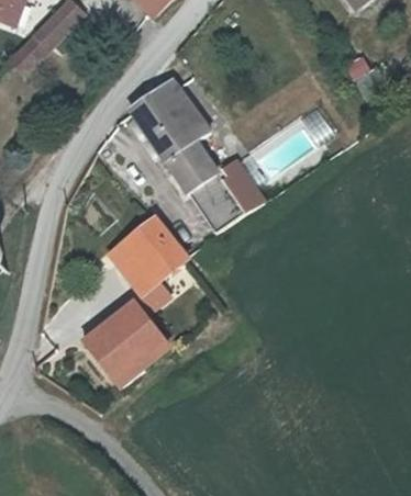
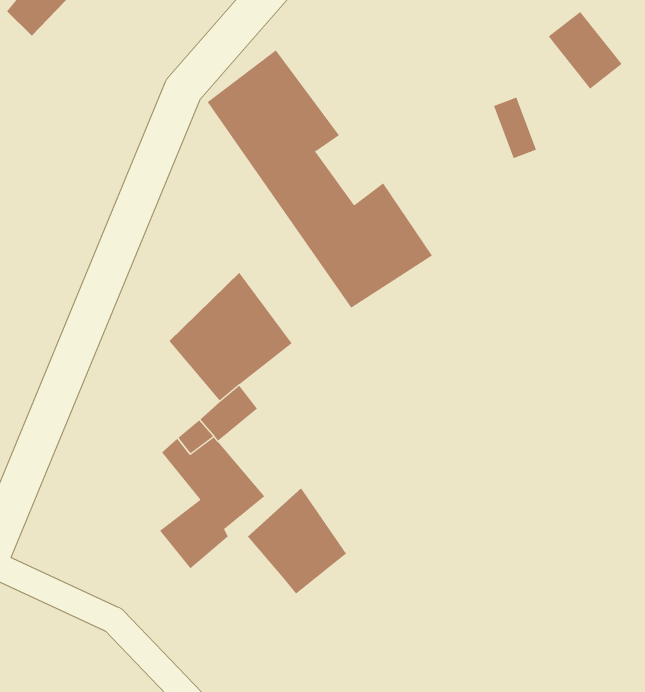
building: [81,320,129,368] -> none
building: none -> [247,487,347,594]

